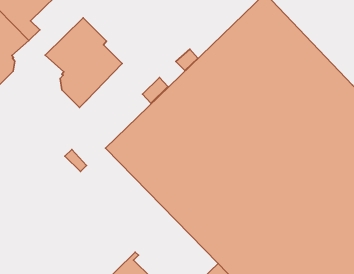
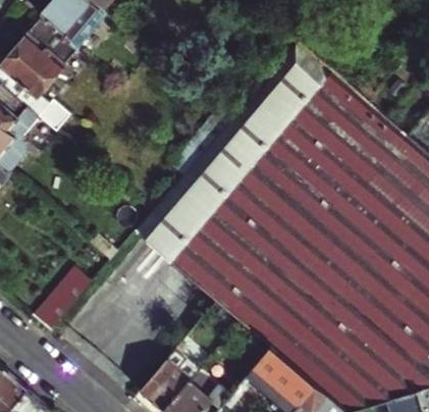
building: [45,18,122,108] -> none
building: none -> [34,268,92,330]

